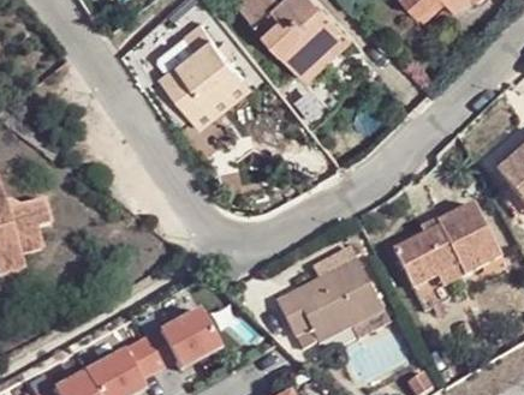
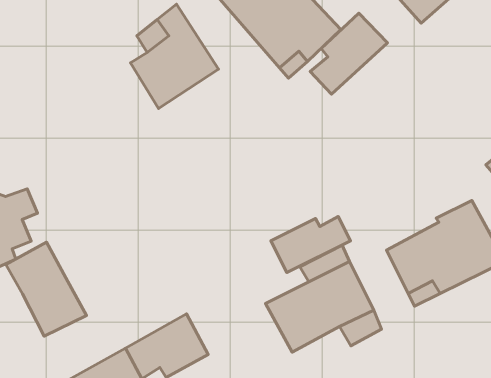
building: none -> [310,13,388,94]
building: none -> [271,217,350,272]
building: none -> [6,242,86,336]

